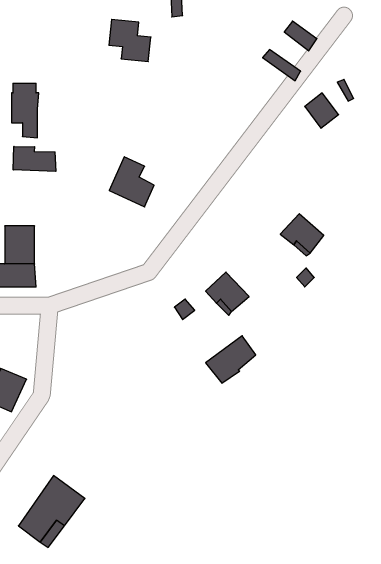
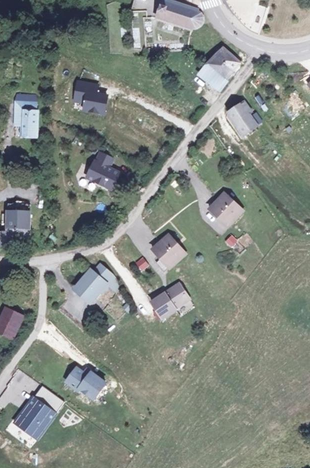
building: [109,19,151,62] -> [73,89,104,120]
building: none -> [202,58,231,87]
building: [13,146,56,171] -> none
building: none -> [74,264,114,302]
building: none -> [67,368,106,399]

